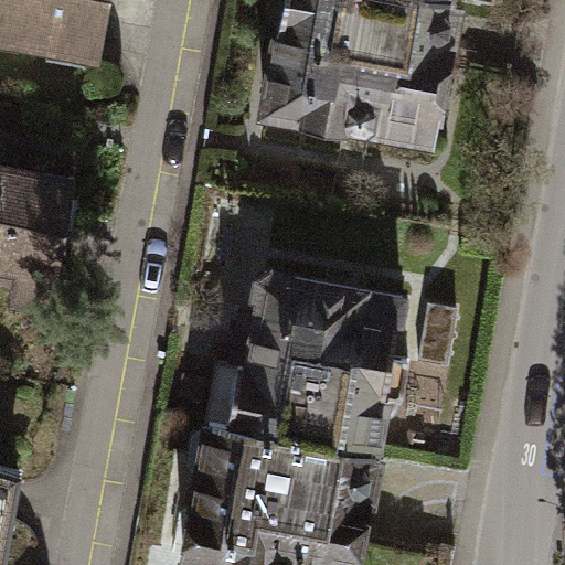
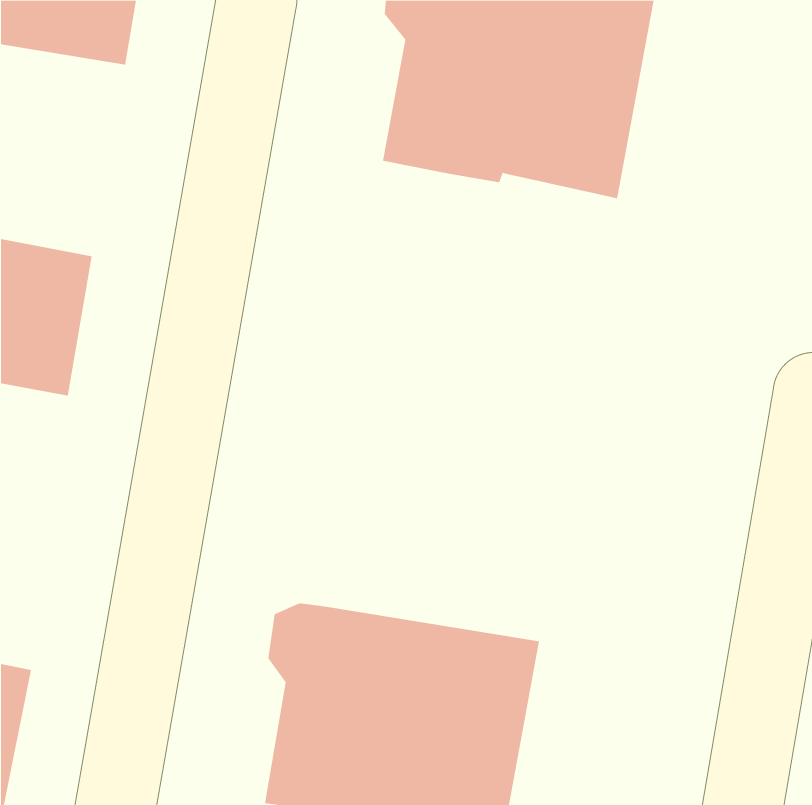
building: [226,277,408,450] -> none

